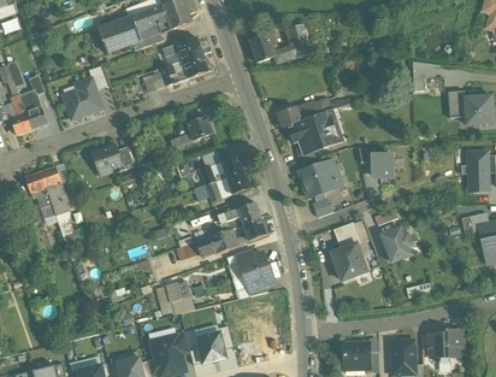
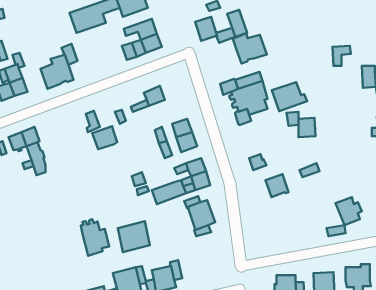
building: none -> [232,33,267,63]
building: [91,145,122,172] -> [92,126,117,149]
building: [299,161,341,196] -> [272,82,307,111]
building: [380,228,412,261] -> [336,197,362,225]
building: [331,243,366,279] -> none
building: none -> [81,219,109,256]

